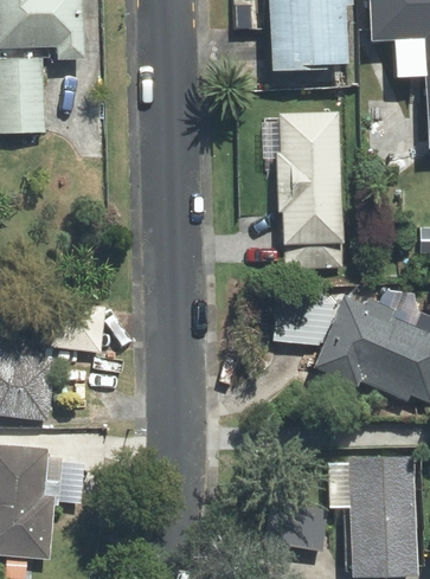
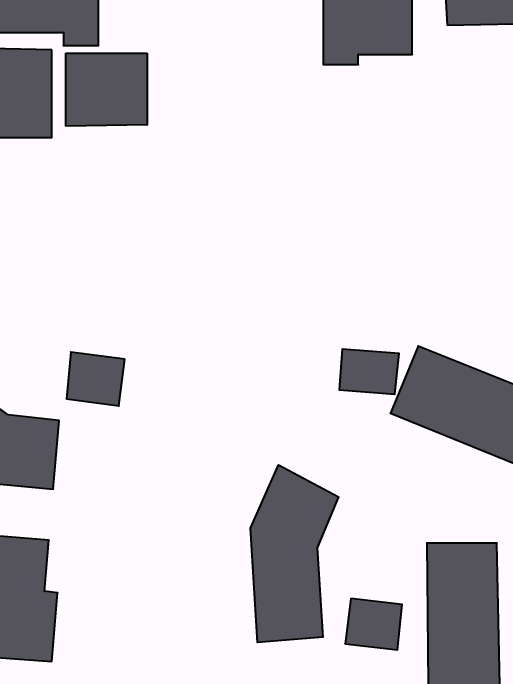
building: none -> [66,53,147,126]
building: [283,117,339,258] -> none
building: none -> [251,465,339,642]

